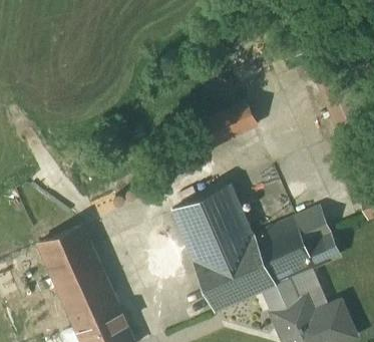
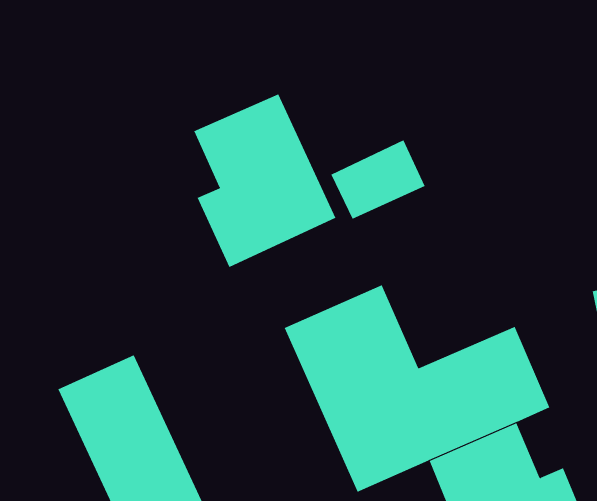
building: none -> [194,94,336,268]

